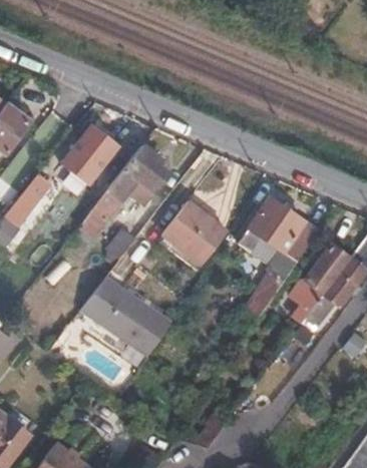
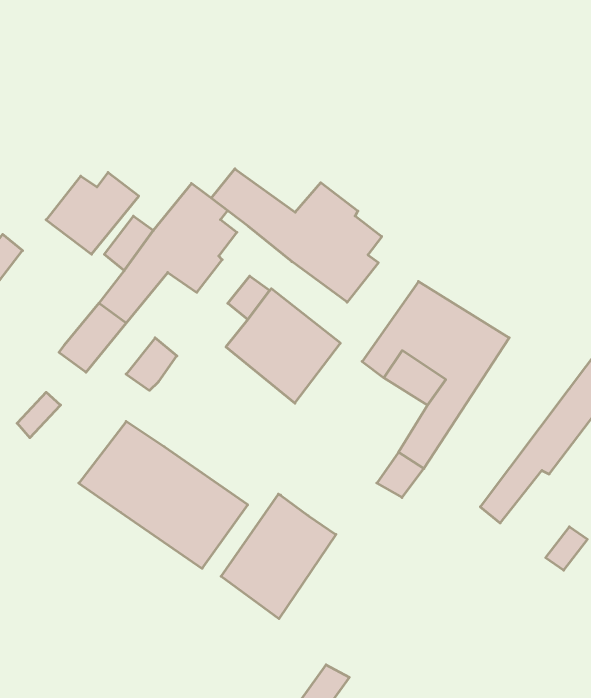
building: none -> [211,169,382,302]
building: [289,245,352,323] -> none
building: none -> [221,494,336,619]

